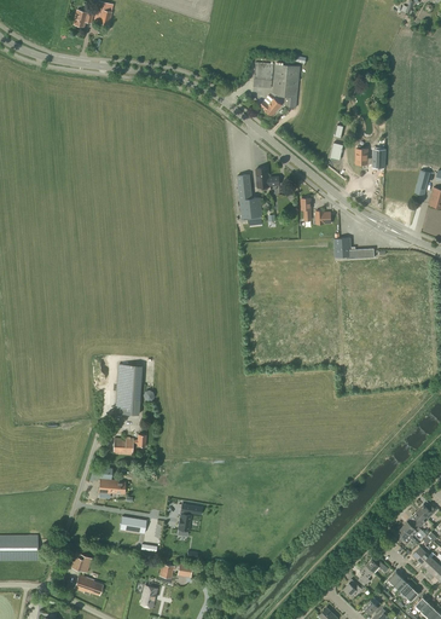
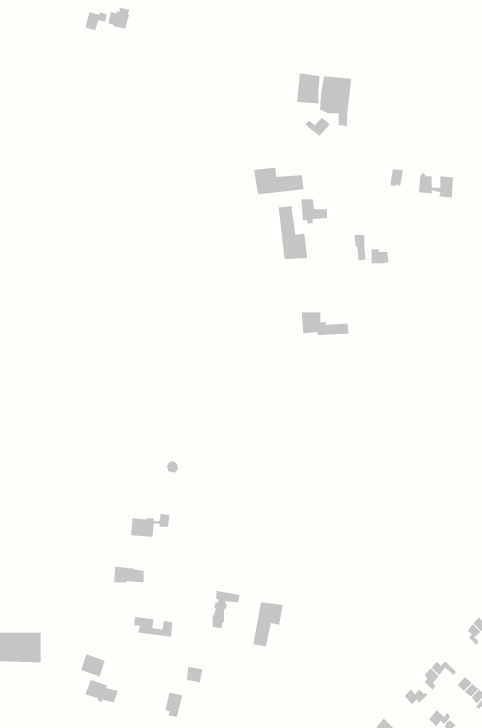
building: none -> [253,167,305,195]
building: [333,238,375,259] -> [301,311,350,336]
building: [114,364,141,415] -> none
building: none -> [253,602,283,647]

